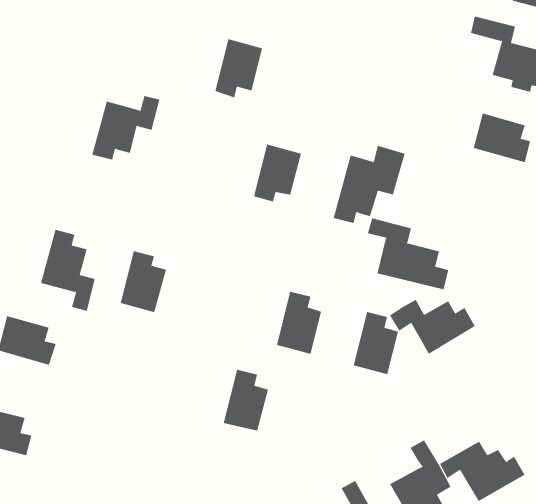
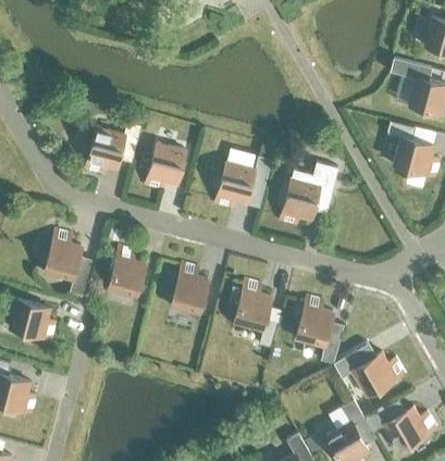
building: [214,39,263,98] -> [145,142,184,190]
building: [367,217,449,290] -> none
building: [389,299,476,355] -> [333,351,403,396]
building: [223,369,269,431] -> [170,263,207,313]

